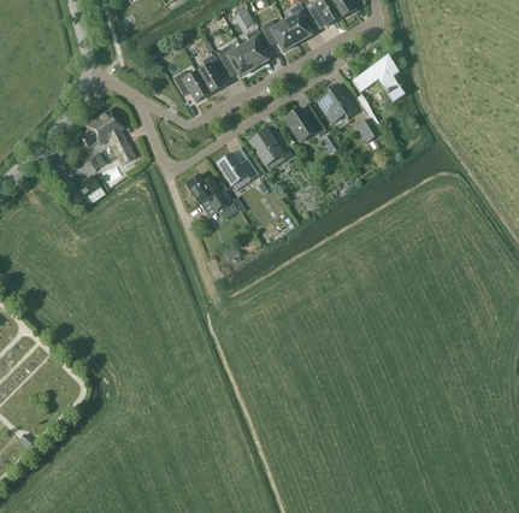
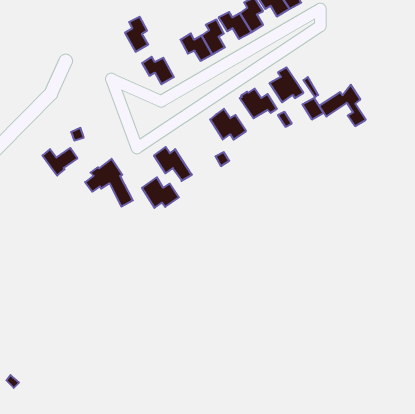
building: [196,54,223,94] -> [125,17,148,52]
building: [350,55,403,102] -> [319,85,366,126]
building: [79,110,134,164] -> [85,159,133,207]
building: [216,152,258,187] -> [142,177,179,208]

